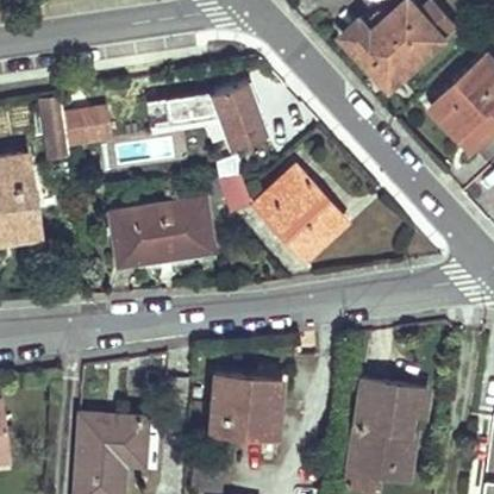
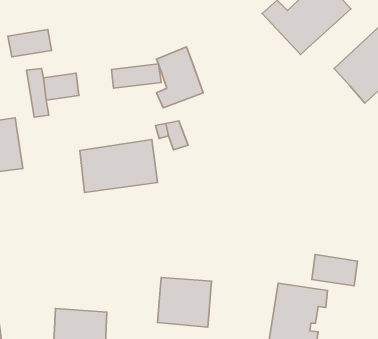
building: none -> [8,30,52,57]
building: [250,167,344,256] -> none
building: none -> [312,255,357,286]

